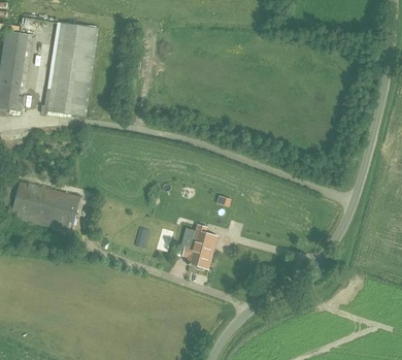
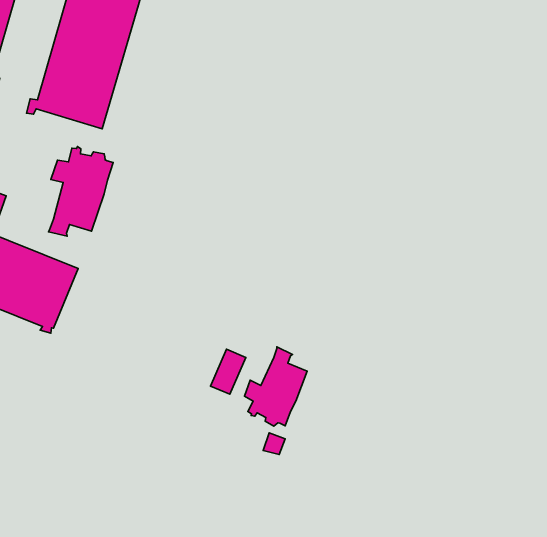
building: none -> [48,147,113,236]

